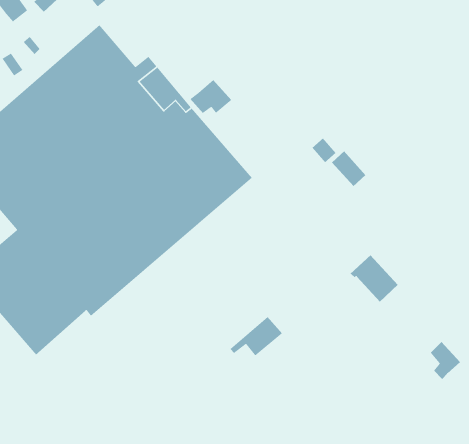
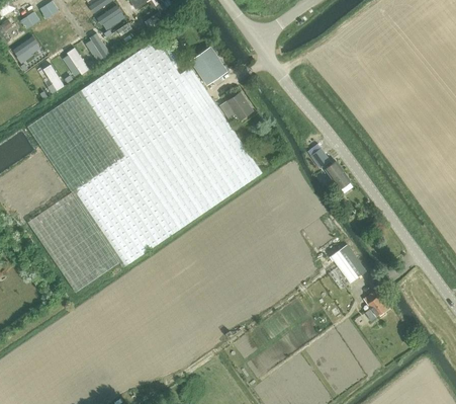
building: none -> [189,46,227,86]
building: [229,316,283,356] -> none
building: [430,341,461,380] -> [364,291,387,321]

